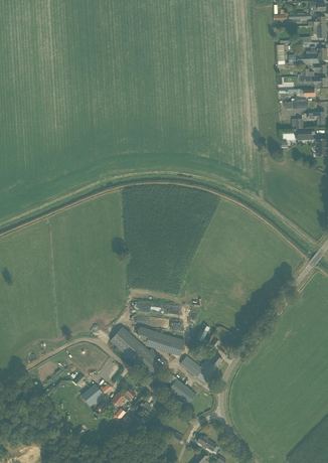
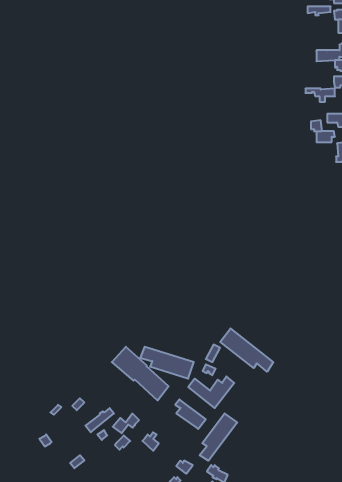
building: none -> [220,328,273,372]
building: none -> [200,413,237,461]

